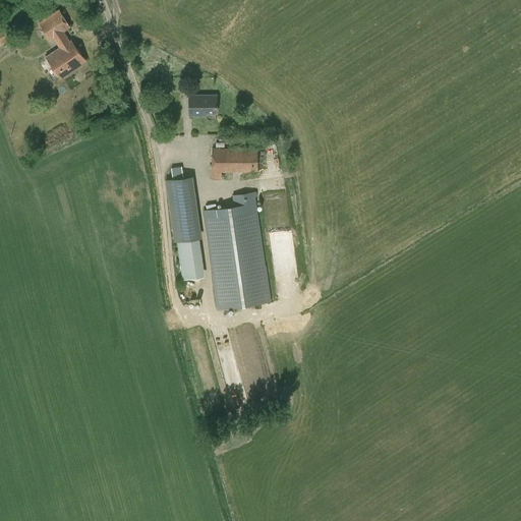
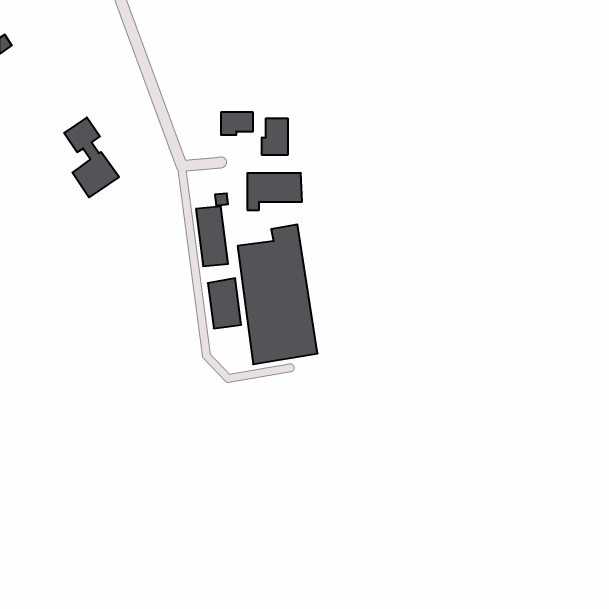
building: [39,11,85,79] -> [64,117,119,197]
building: none -> [262,118,288,155]

